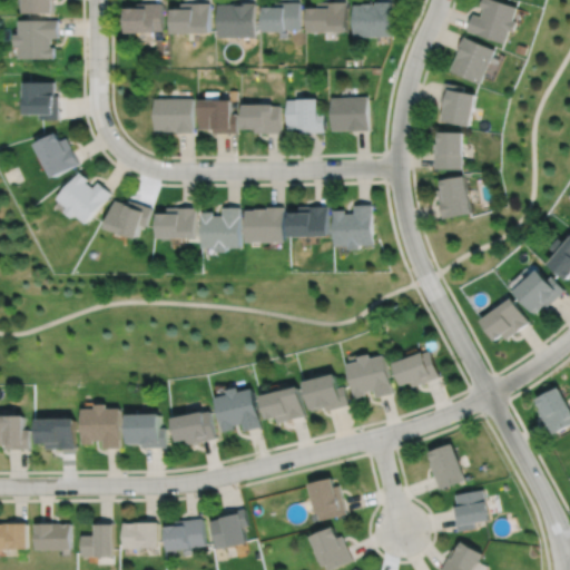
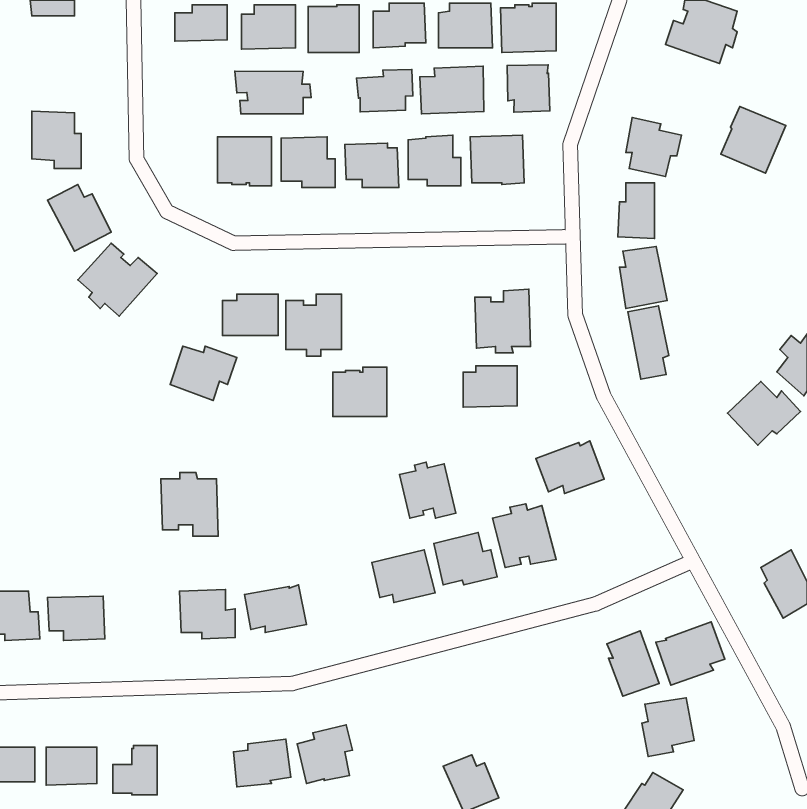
building: [11,19,57,58] -> none
building: [449,39,494,86] -> [721,106,786,173]
building: none -> [507,65,550,112]
building: none -> [420,66,484,114]
building: none -> [356,69,413,112]
building: none -> [235,71,311,114]
building: [104,200,150,238] -> [170,346,237,400]
building: [245,207,283,242] -> [333,367,387,417]
building: [289,207,327,236] -> [463,366,517,407]
building: none -> [628,306,669,379]
building: [476,297,527,341] -> none
building: none -> [399,462,456,518]
building: [389,351,436,387] -> [536,441,604,493]
building: [214,389,261,433] -> none
building: [79,405,119,450] -> [161,473,218,536]
building: none -> [656,622,725,685]
building: [308,480,343,522] -> none
building: [121,524,156,550] -> none

